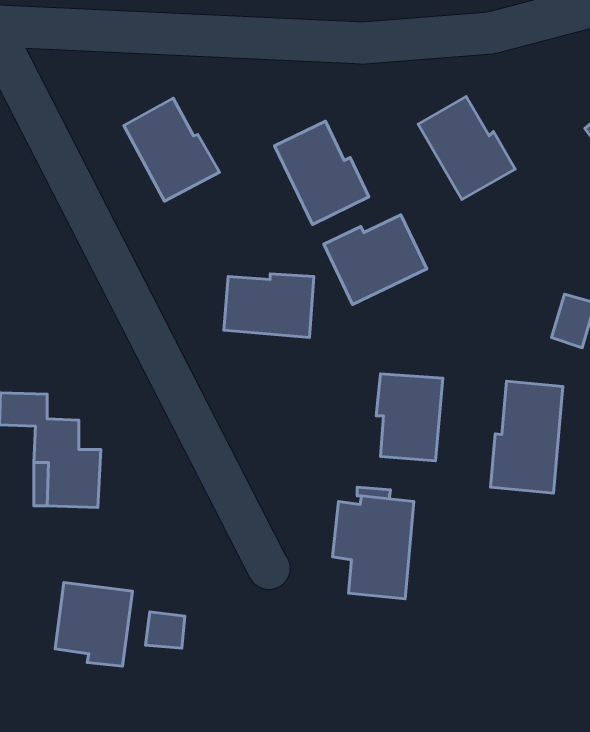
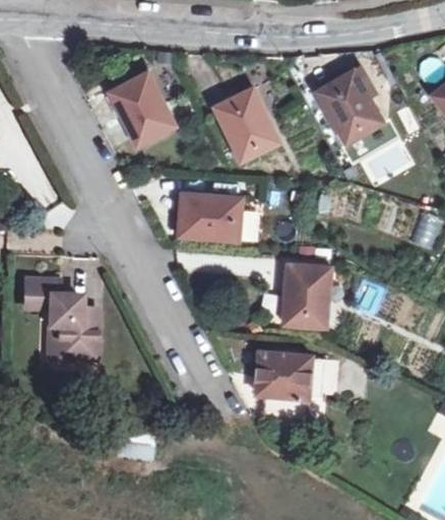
building: [324,215,427,305] -> none
building: [491,381,563,493] -> none
building: [55,583,133,666] -> none

